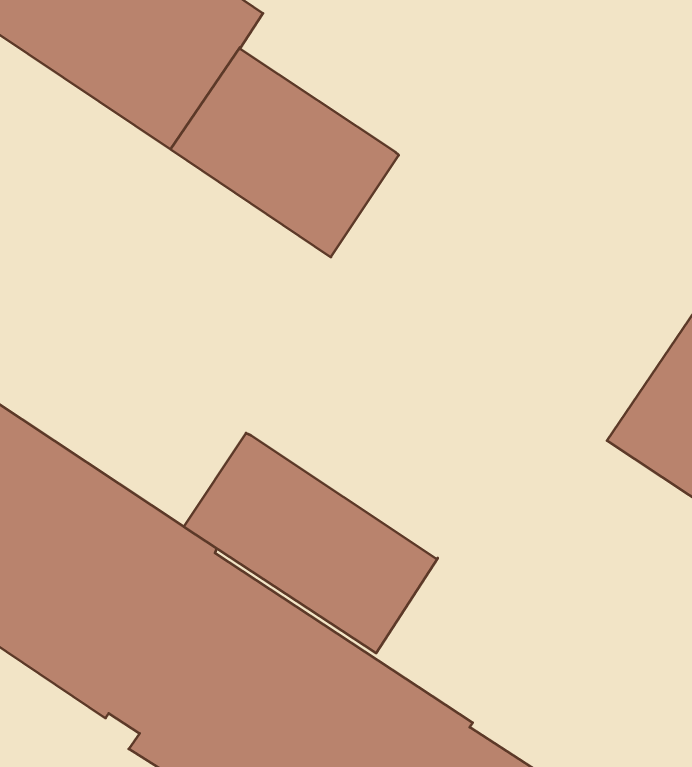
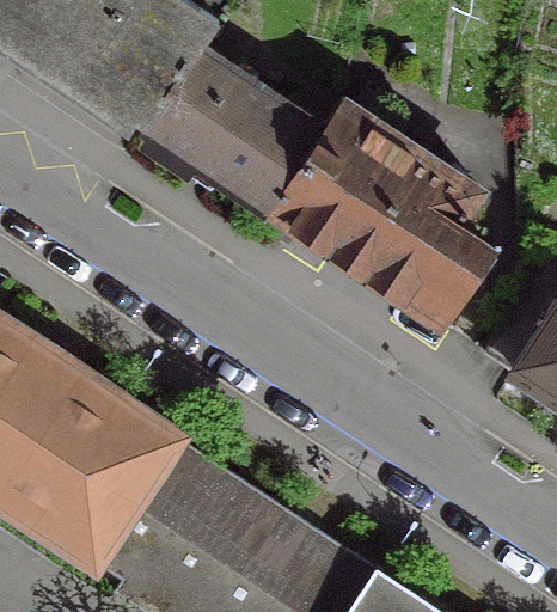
building: none -> [276,103,497,328]
building: [184,433,438,653] -> none

